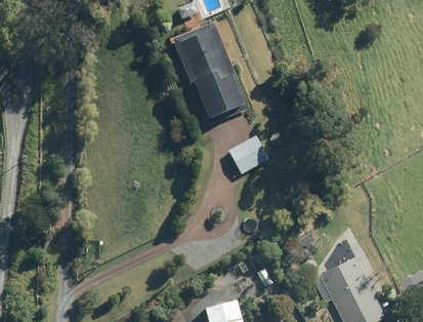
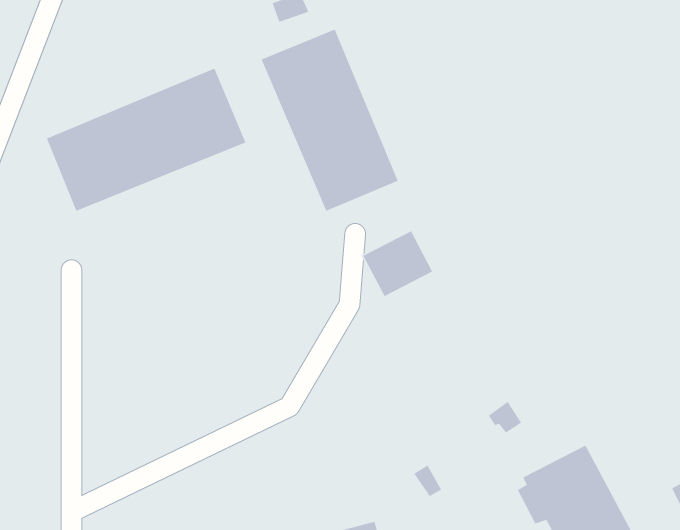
building: none -> [46,68,246,212]

